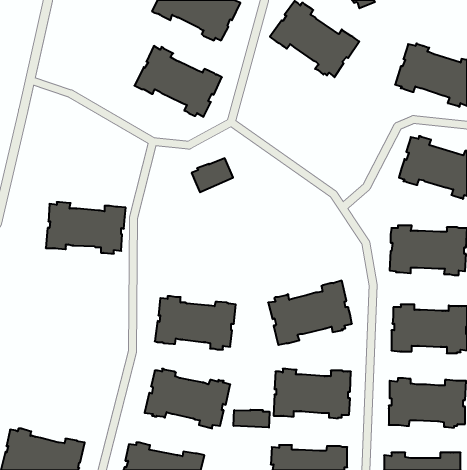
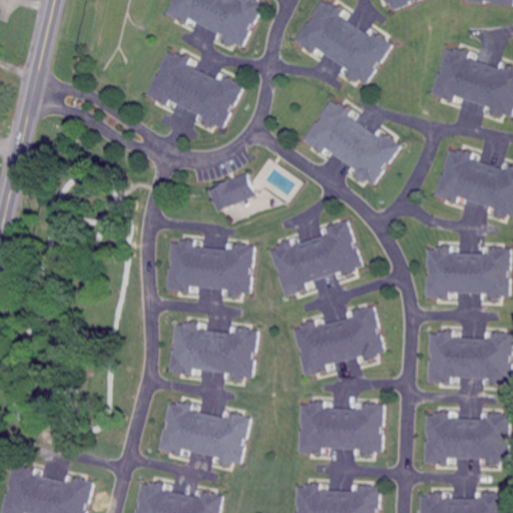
building: none -> [302,100,399,184]
building: [46,202,126,254] -> [166,240,253,297]
building: none -> [269,221,361,297]
building: [234,410,269,428] -> none

